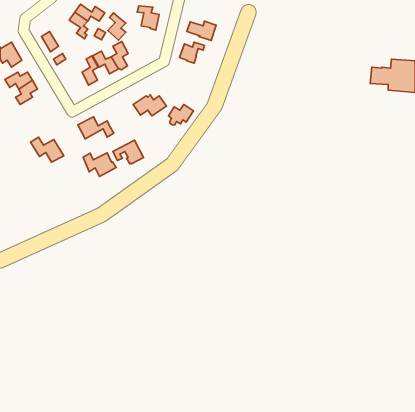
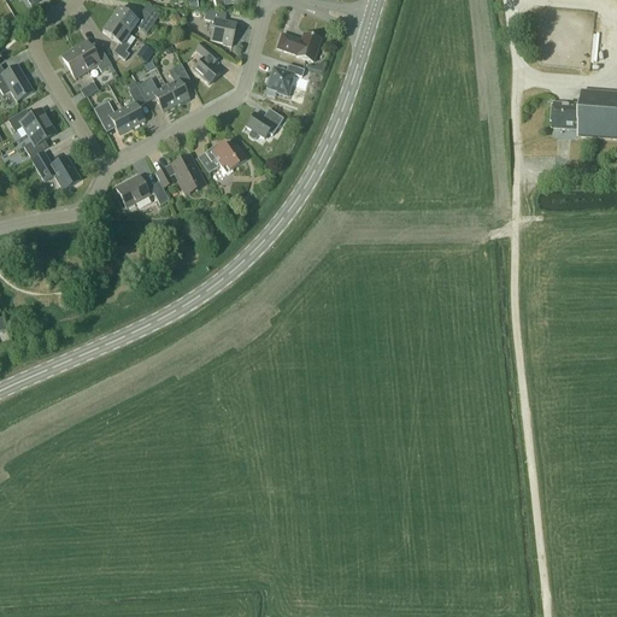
building: [108,13,126,40] -> [193,41,219,82]
building: none -> [74,39,112,70]
building: none -> [94,99,131,133]
building: [168,104,194,125] -> [246,107,283,137]
building: [30,137,64,162] -> [31,151,81,188]
building: [113,140,144,164] -> [157,154,202,189]
building: [83,153,116,176] -> none

